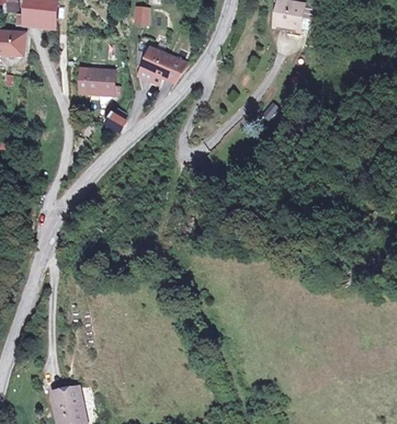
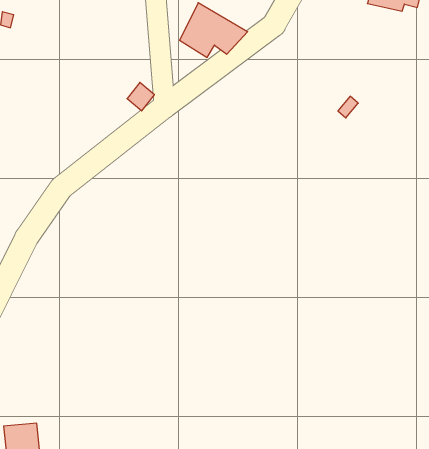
building: [88,69,114,93] -> none

